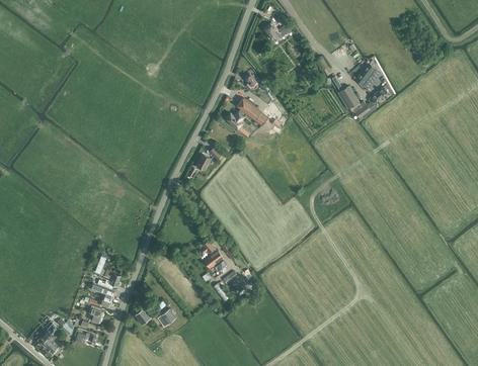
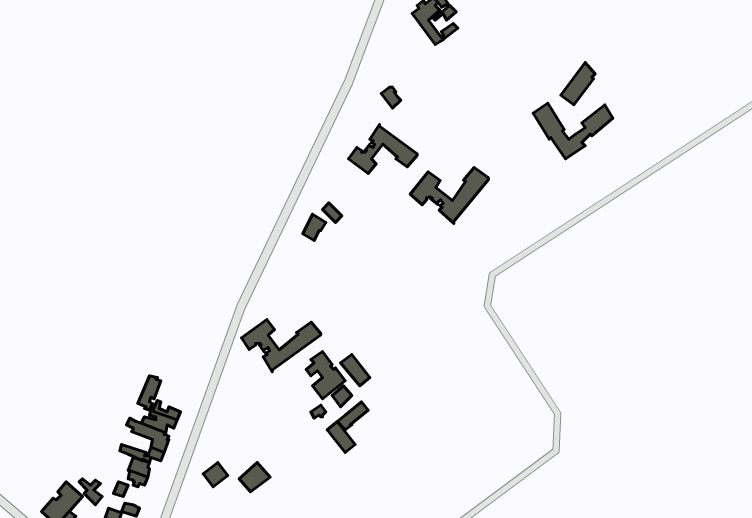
building: none -> [410,168,489,224]
building: none -> [241,320,321,372]

